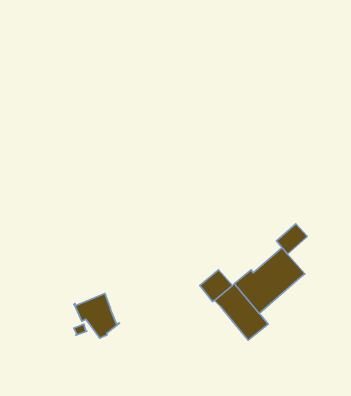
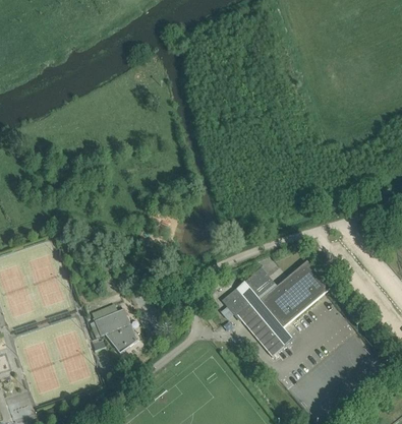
building: [276,224,307,254] -> none
building: none -> [241,267,275,300]

